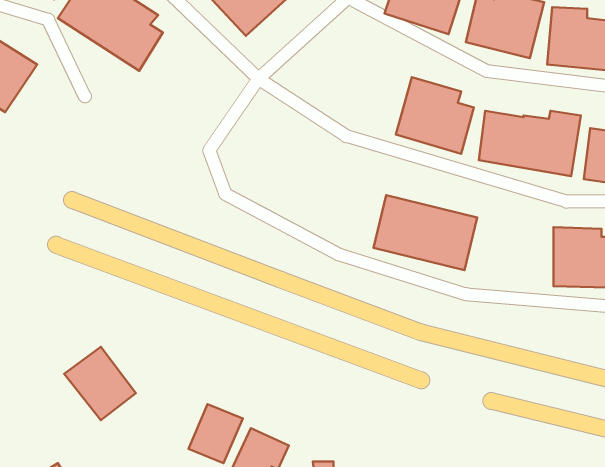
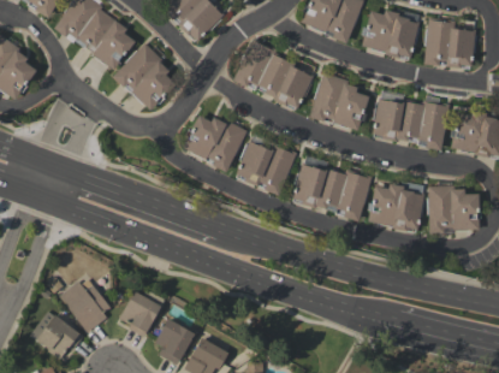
building: none -> [113,42,174,108]
building: none -> [233,43,314,107]
building: none -> [183,114,246,170]
building: none -> [234,140,296,194]
building: none -> [367,184,426,231]
building: none -> [119,290,161,336]
building: none -> [30,310,84,355]

